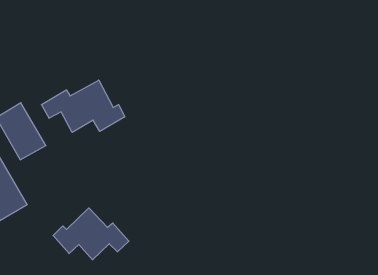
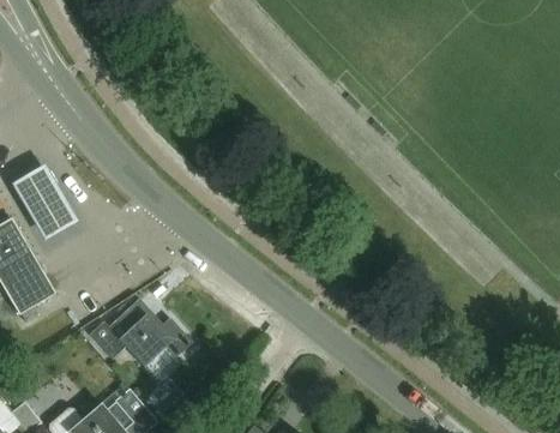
building: [41,80,125,132] -> none

